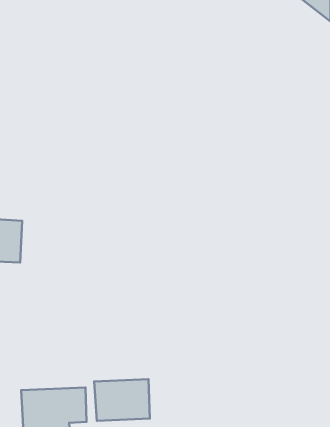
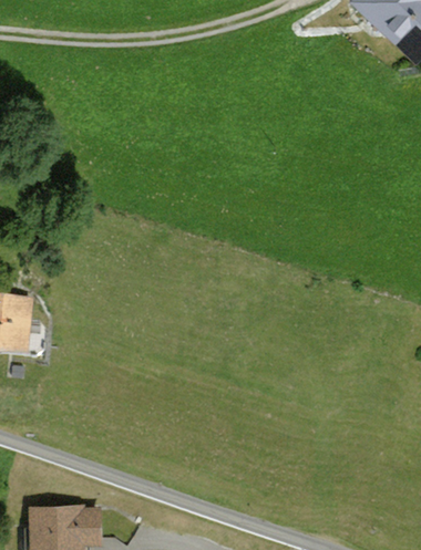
building: [94,379,150,421] -> none

